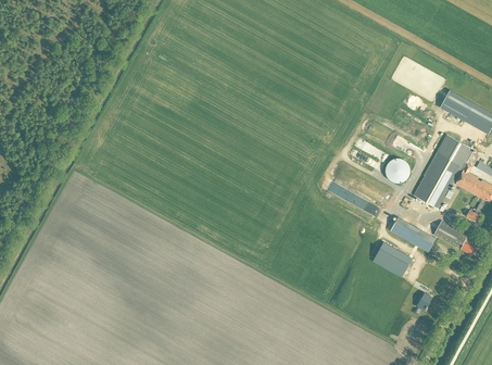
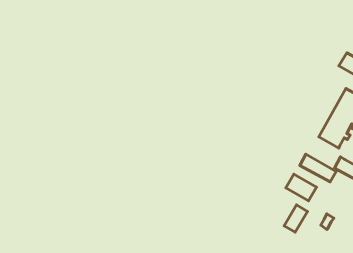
building: [384,159,409,182] -> none
building: none -> [284,205,307,232]

